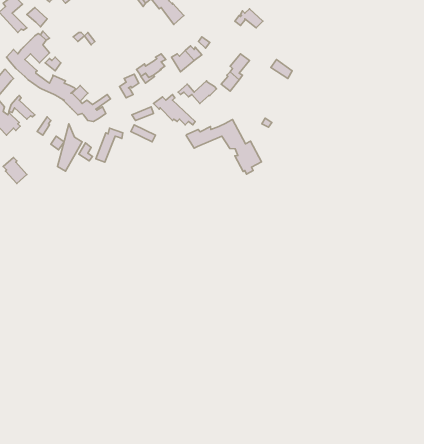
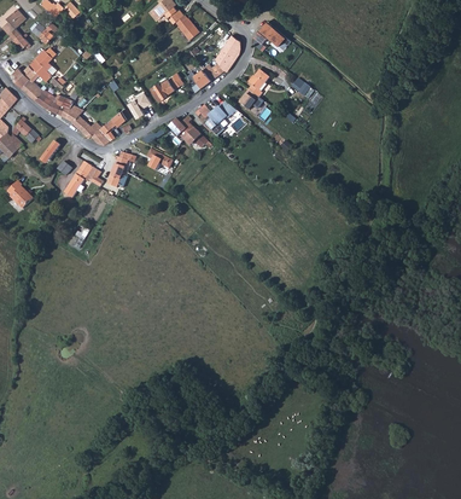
building: [186,120,262,174] -> none

